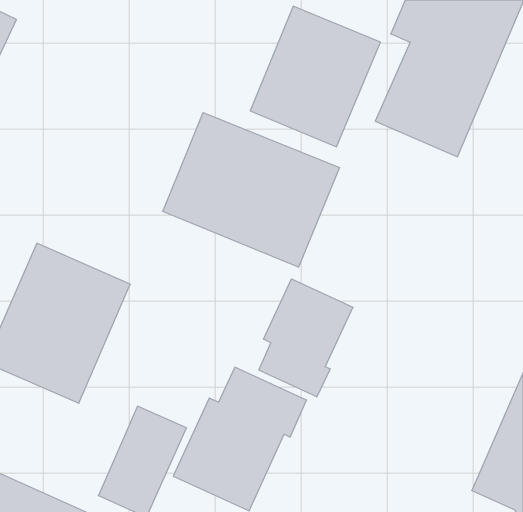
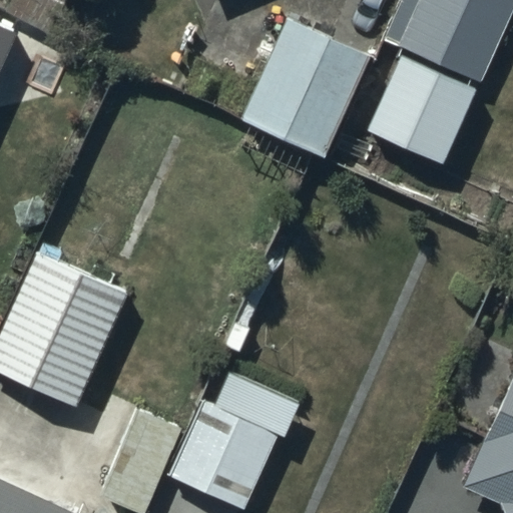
building: [163,113,339,267] -> none
building: [259,279,353,397] -> none

